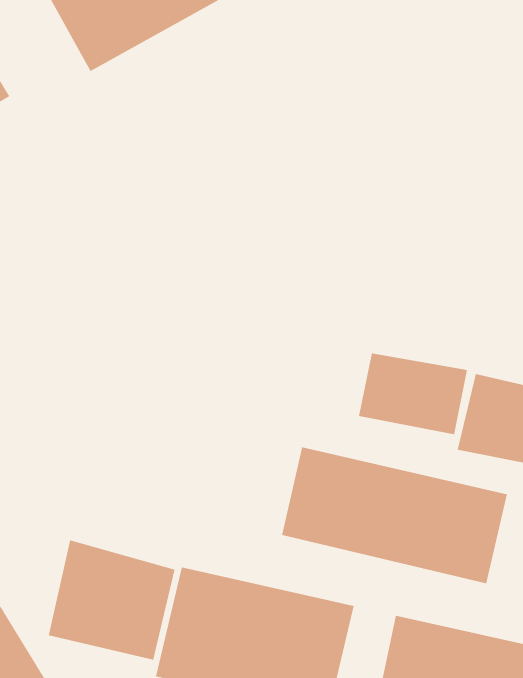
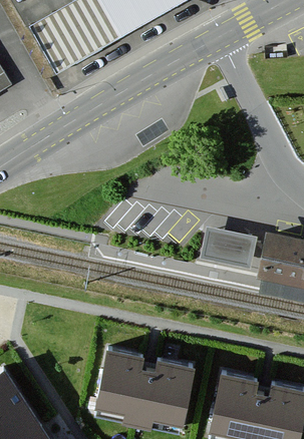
building: [282,446,507,584] -> none
building: [48,539,175,661] -> none

